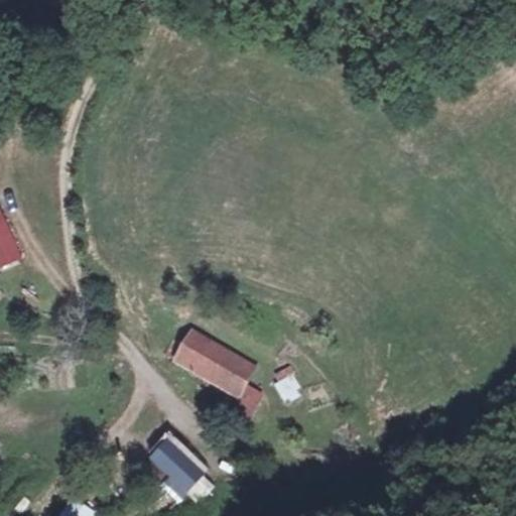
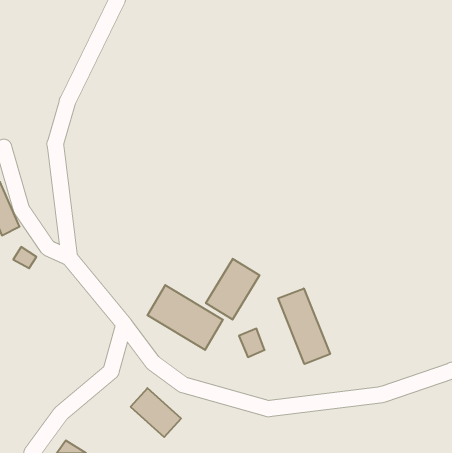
building: none -> [206,259,259,320]
building: none -> [278,288,330,364]

